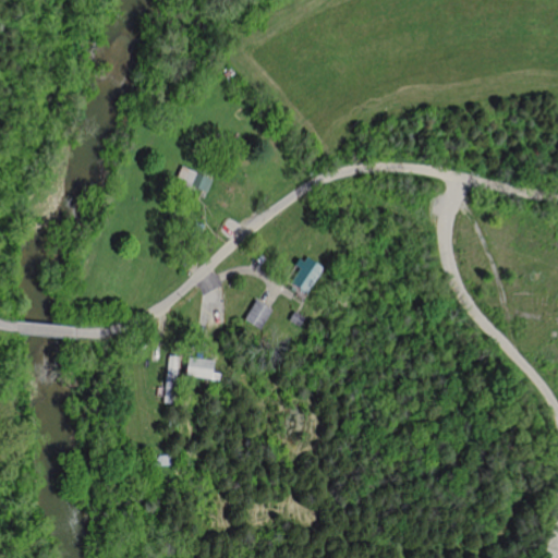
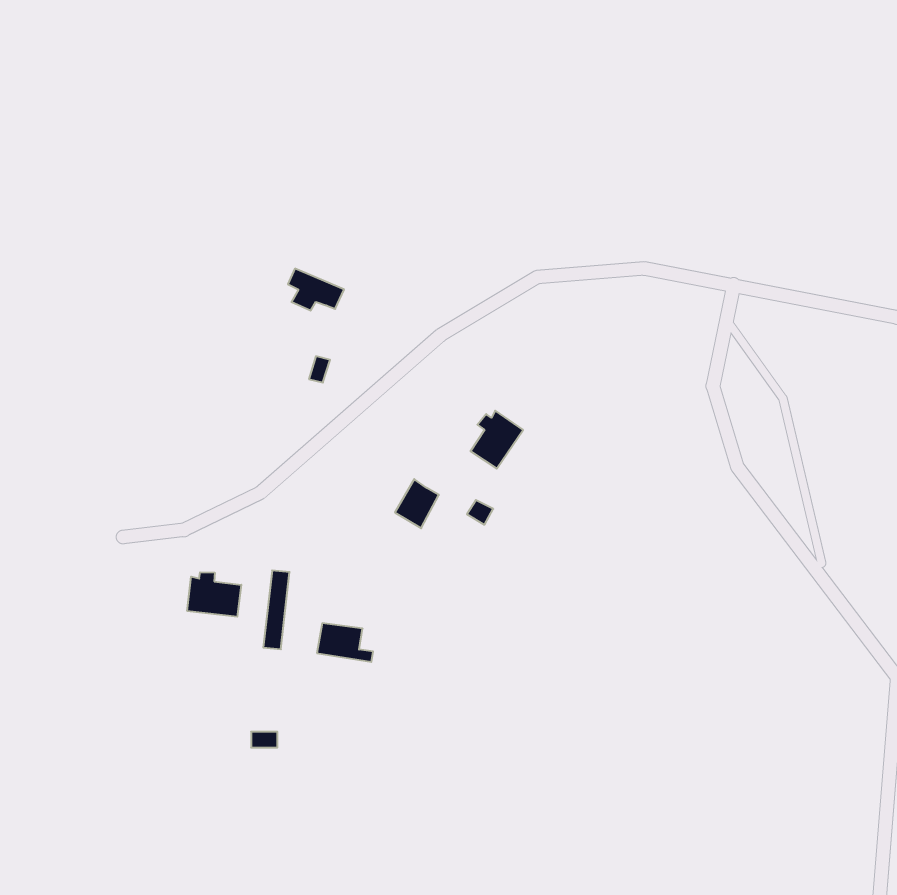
building: [186,356,221,380] -> [317,623,373,662]
building: none -> [187,572,241,617]

